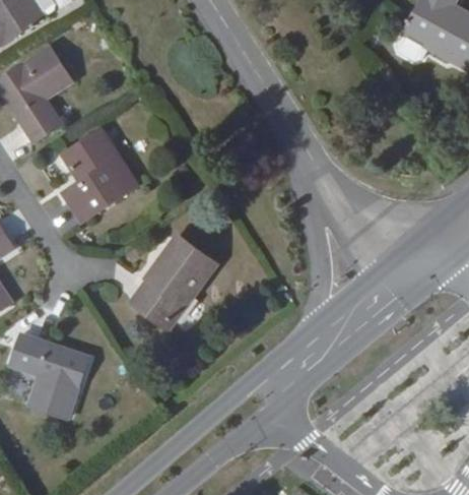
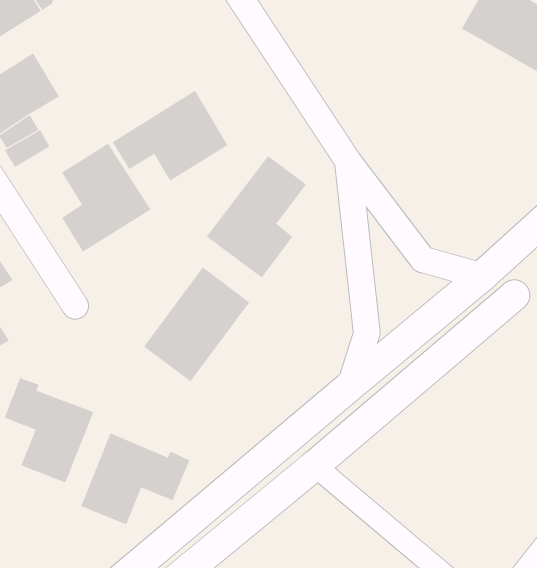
building: none -> [112,90,228,181]
building: none -> [206,155,307,279]
building: none -> [81,432,190,525]

